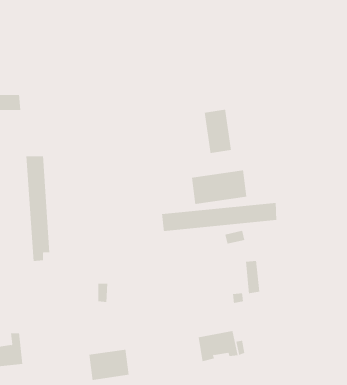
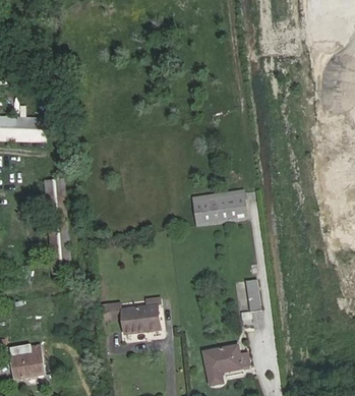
building: [204,109,231,154] -> none
building: [162,202,277,232] -> none
building: [88,349,129,380] -> [120,303,159,333]

